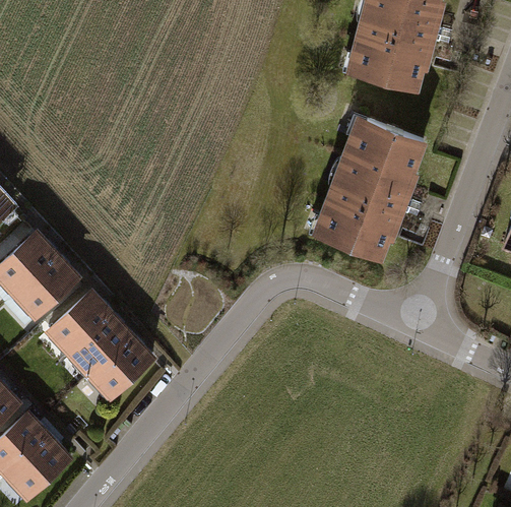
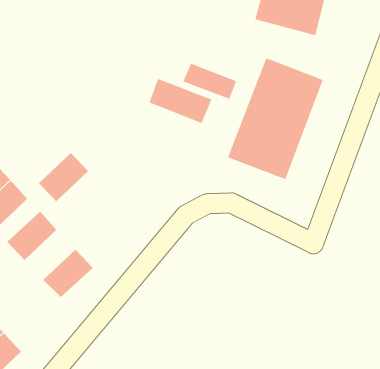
building: none -> [183,63,237,100]
building: none -> [149,78,212,124]
building: [74,318,134,377] -> [38,152,89,202]

